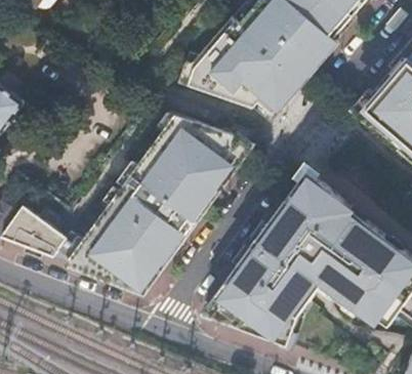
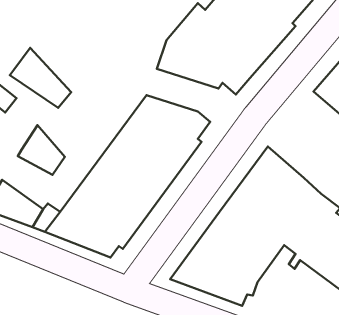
building: none -> [10,48,71,108]
building: none -> [18,125,65,175]

